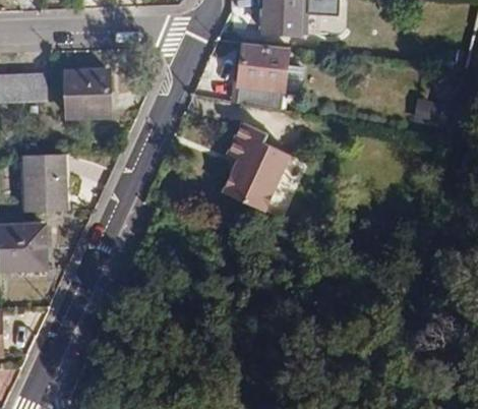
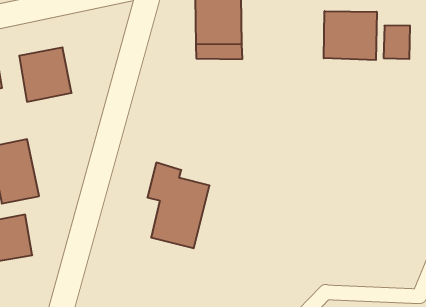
building: none -> [324,11,377,60]
building: [227,126,291,214] -> [147,163,210,248]

